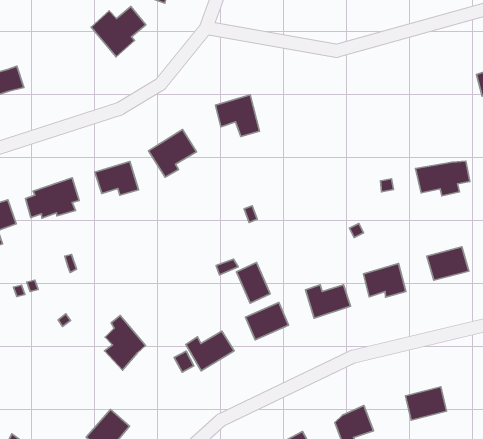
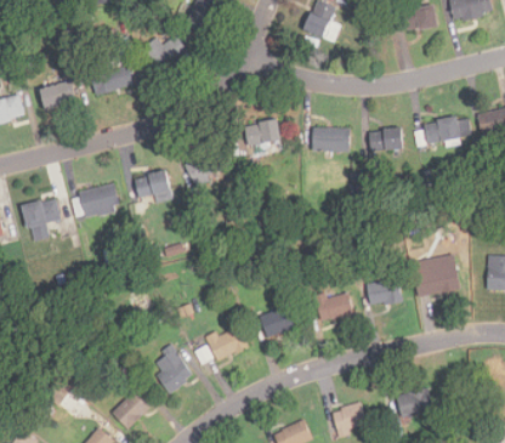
building: none -> [91,57,134,93]
building: none -> [369,127,403,150]
building: none -> [313,127,351,150]
building: [415,161,470,196] -> [424,118,471,147]
building: [237,262,270,303] -> none
building: [105,316,145,370] -> [155,345,192,393]

